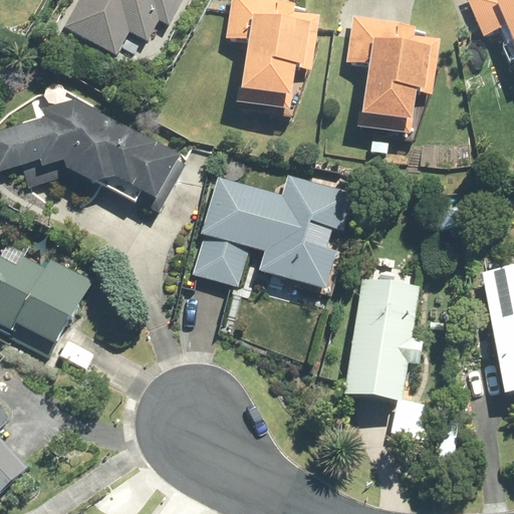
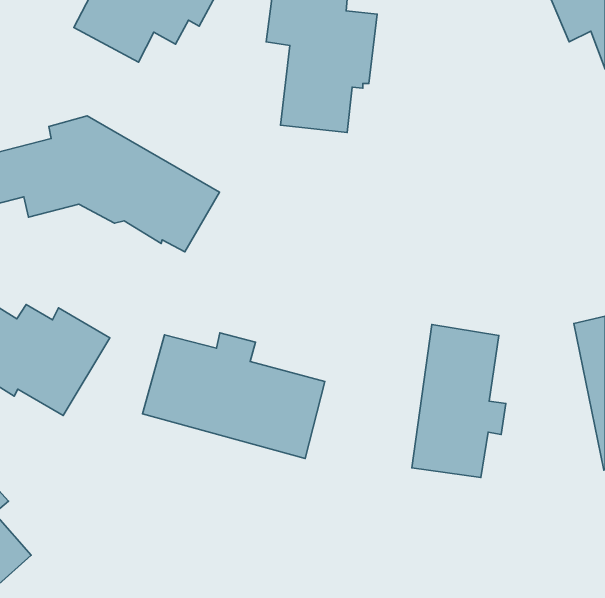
building: [345,11,438,137] -> none
building: [192,170,352,287] -> none
building: none -> [142,333,325,459]

